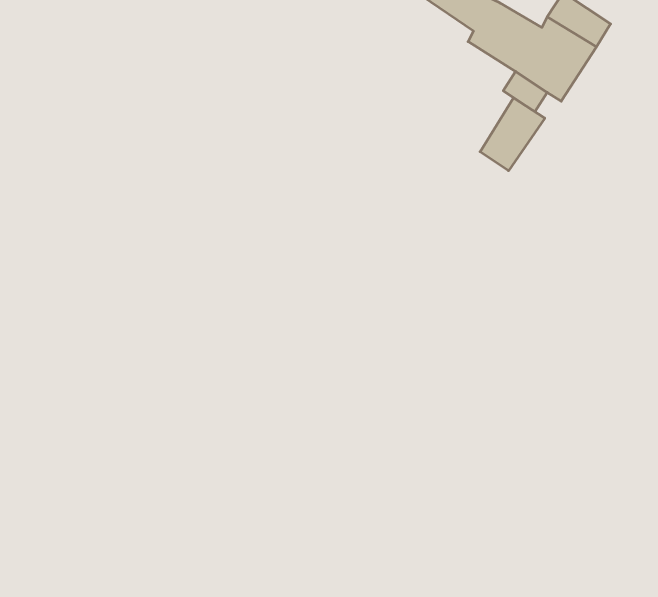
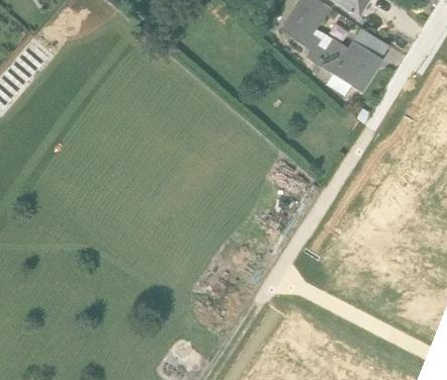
building: [480,98,545,171] -> none

